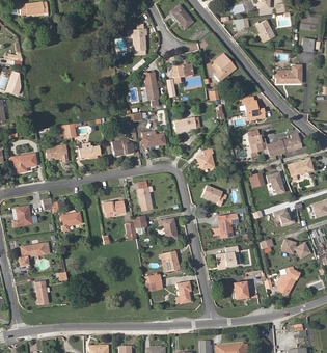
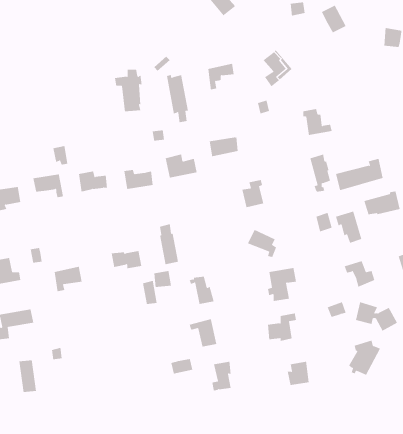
building: [127,24,147,55] -> [114,69,143,112]
building: [274,64,302,83] -> none

